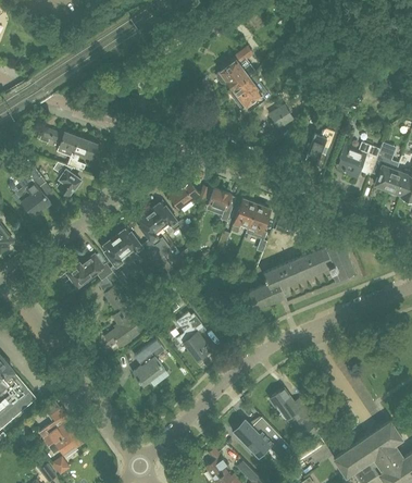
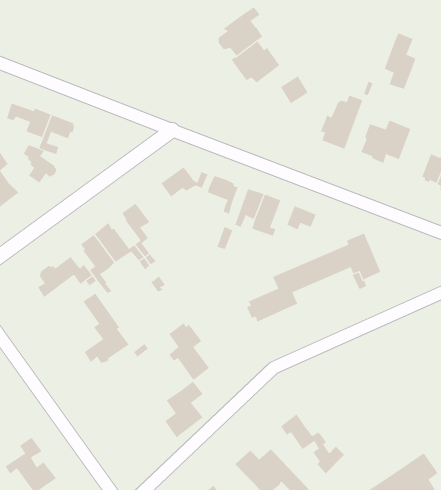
building: [371,143,398,190] -> [384,32,416,90]
building: [149,202,190,234] -> none
building: [133,339,165,387] -> [164,381,203,438]

